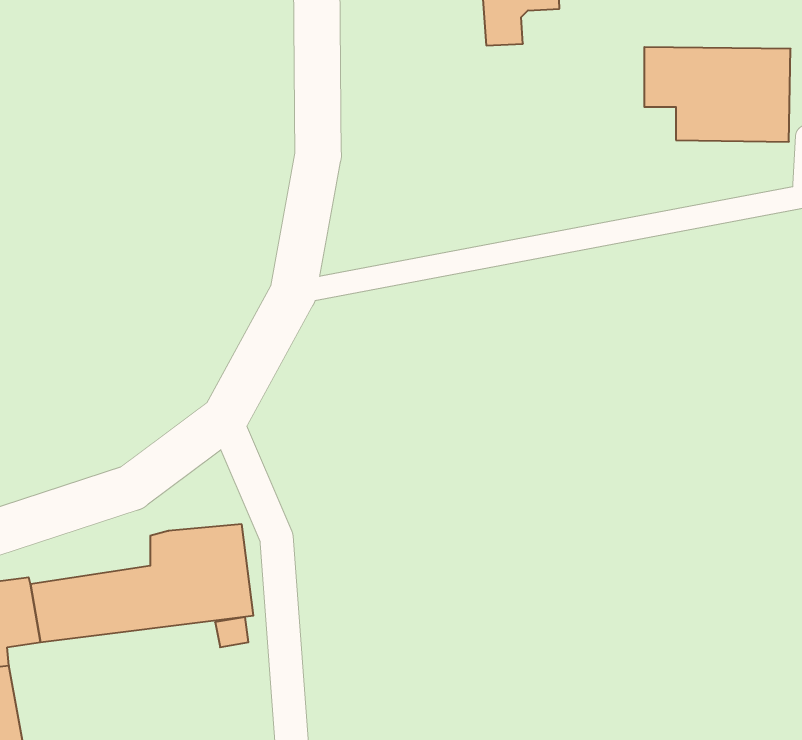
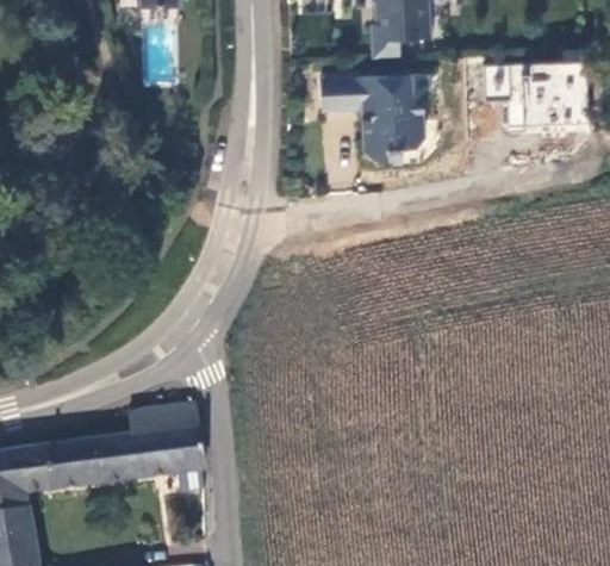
building: none -> [318,77,416,162]

